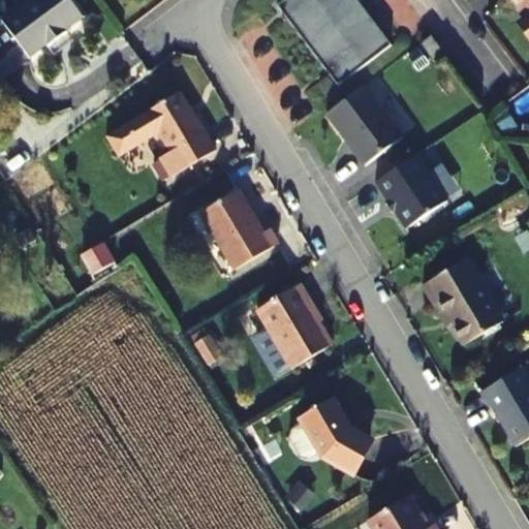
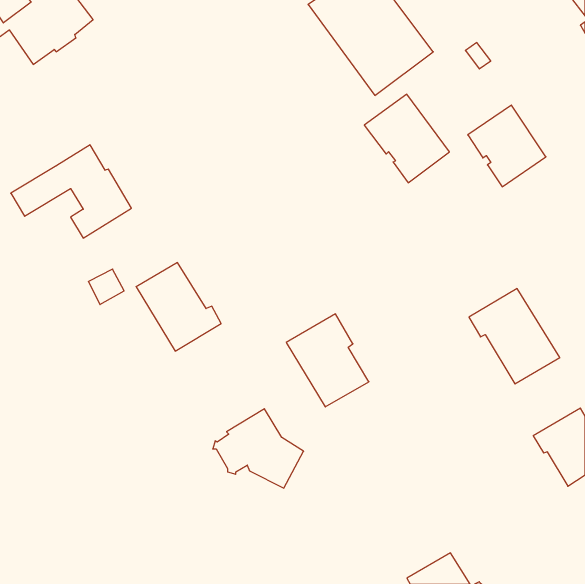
building: [106,92,215,176] -> [11,145,131,238]
building: [377,155,447,228] -> [468,105,546,187]
building: [198,188,275,268] -> [136,263,221,351]
building: [286,398,368,469] -> [213,409,304,488]

